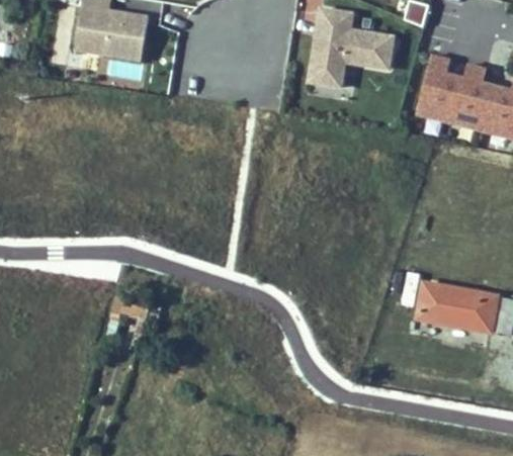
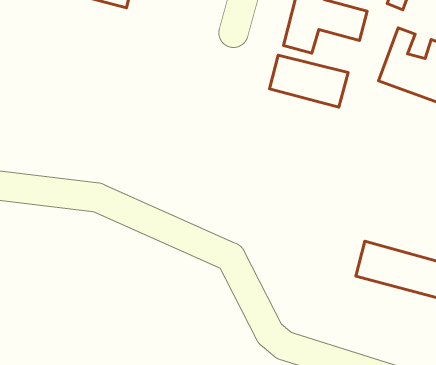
building: none -> [269,55,348,107]

